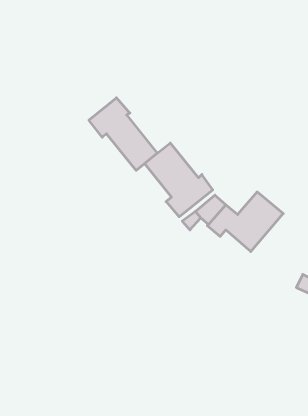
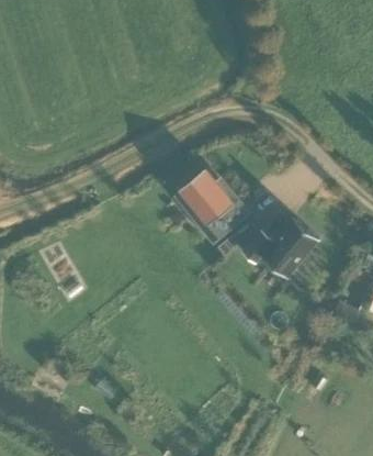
building: [89,98,157,170] -> none

